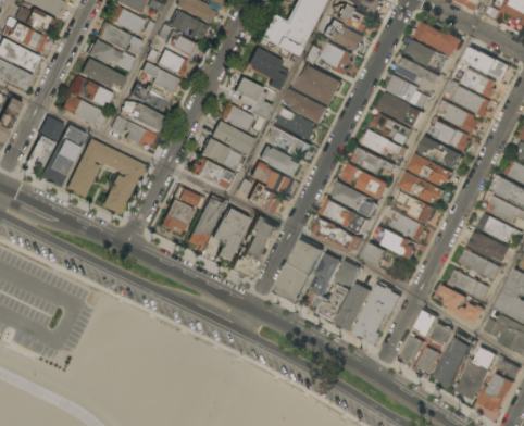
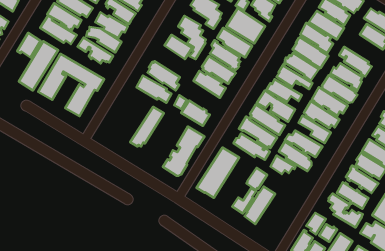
building: [453,87,490,117] -> none
building: [210,122,253,155] -> none
building: [250,162,291,195] -> none
building: [160,187,201,233] -> none
building: [211,205,249,265] -> none
building: [311,253,342,306] -> none
building: [353,283,402,344] -> none

